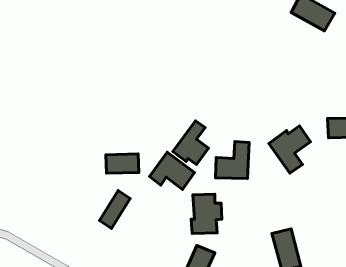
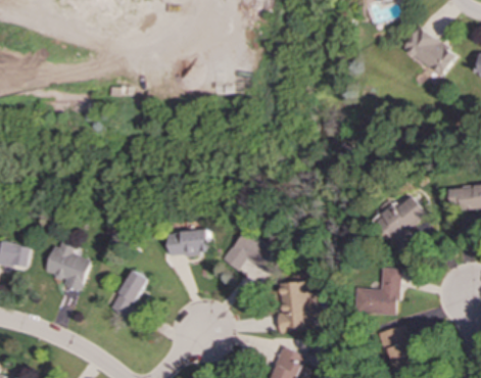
building: [173,121,209,165] -> none
building: [215,142,249,179] -> [355,268,398,315]
building: none -> [45,242,90,291]
building: [100,191,130,228] -> [109,270,148,318]

